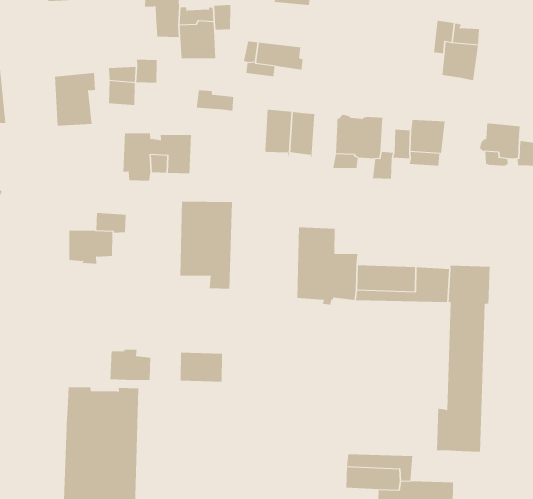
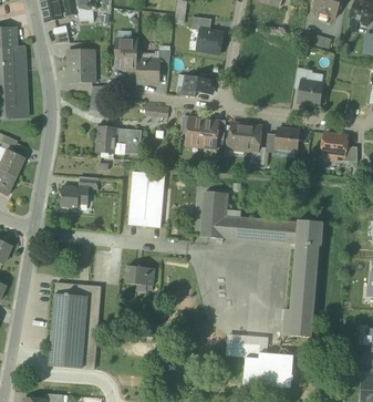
building: [54,73,96,126] -> [69,49,94,81]
building: [110,349,151,381] -> none

